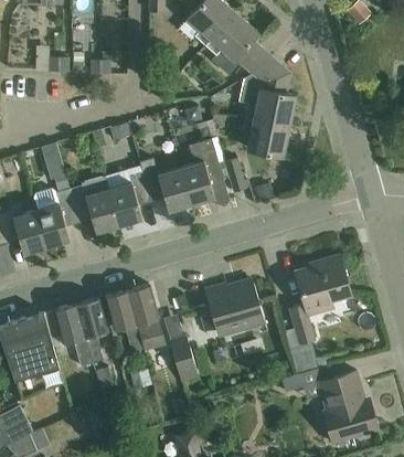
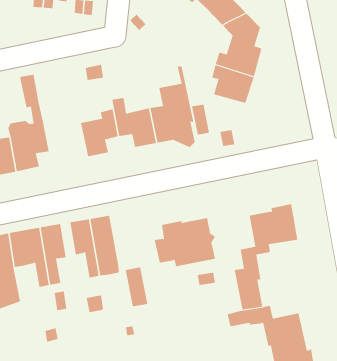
building: [70,178,119,232] -> none

